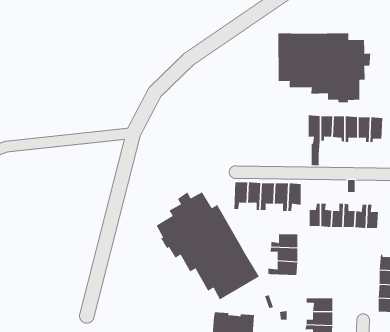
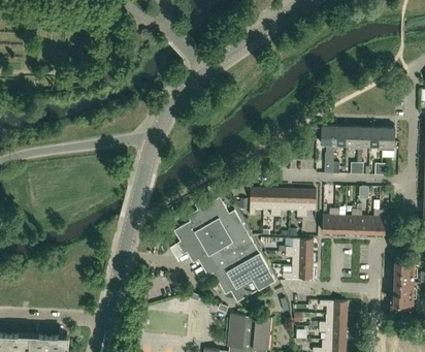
building: [278,32,371,103] -> none

